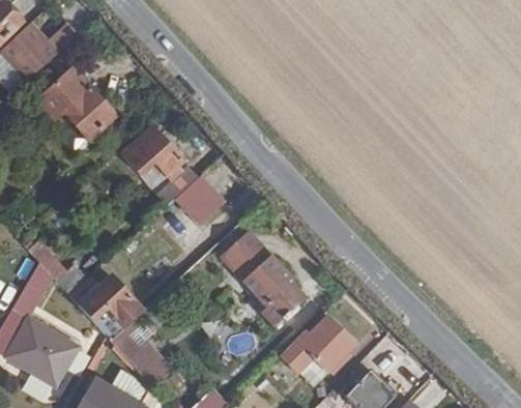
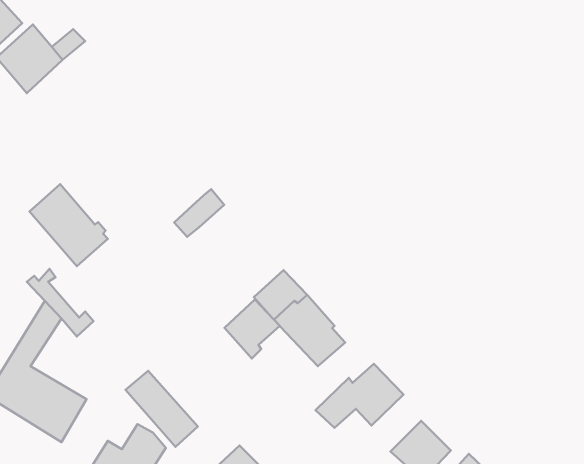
building: [45,67,113,139] -> [29,184,108,266]
building: [128,128,181,181] -> none
building: [175,175,225,225] -> none
building: none -> [224,300,280,358]
building: [79,278,143,342] -> none

